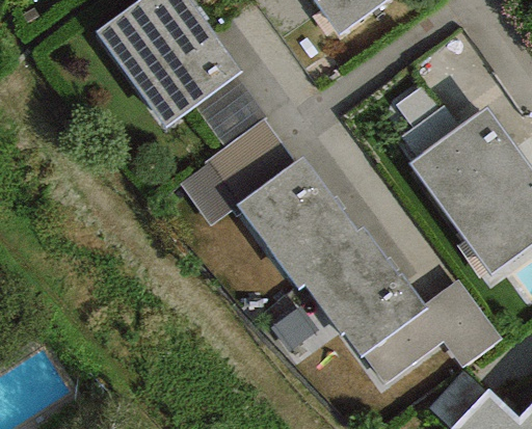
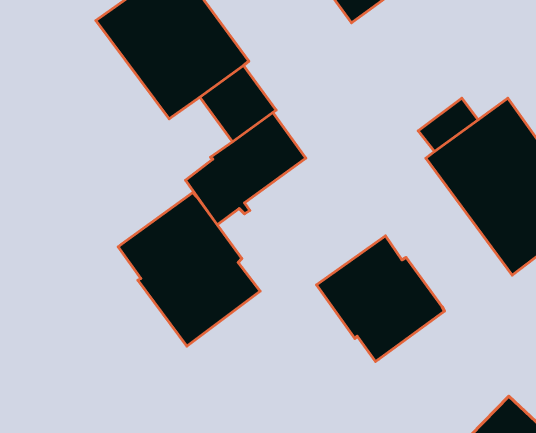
building: [237,157,371,289] -> none
building: none -> [118,193,260,346]
building: [365,280,501,382] -> none

